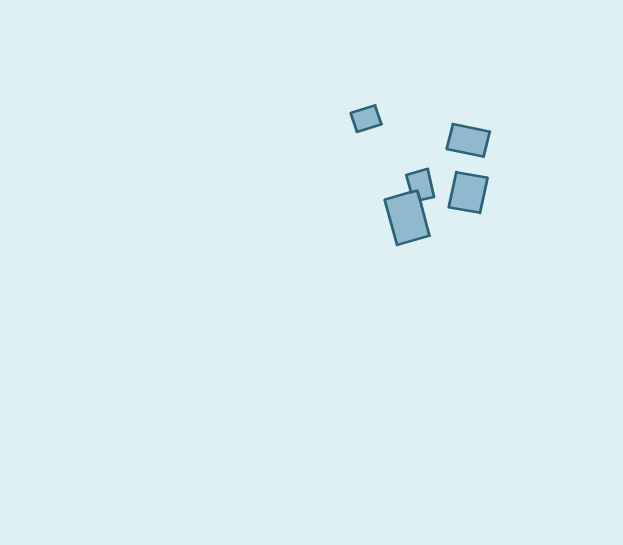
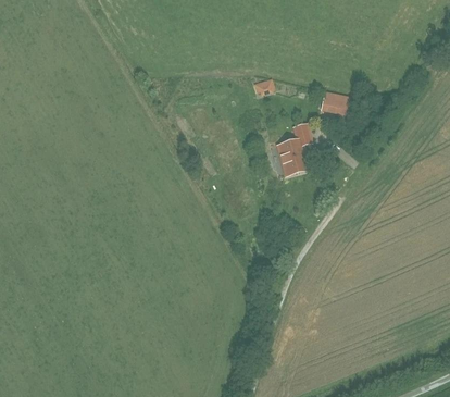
building: [449,172,487,213] -> none

